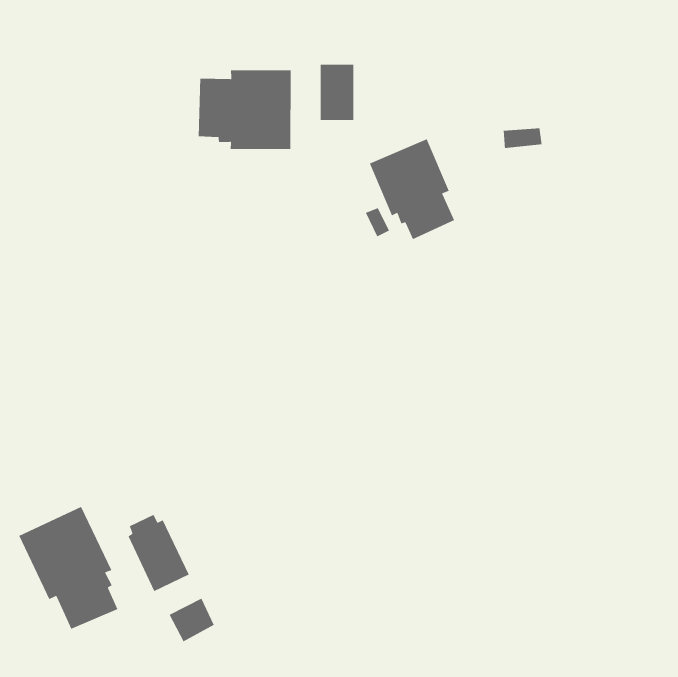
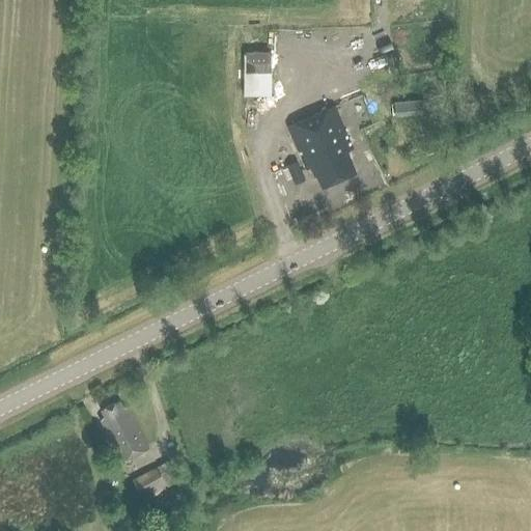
building: [198,69,292,150] -> none
building: [18,506,118,630] -> none

